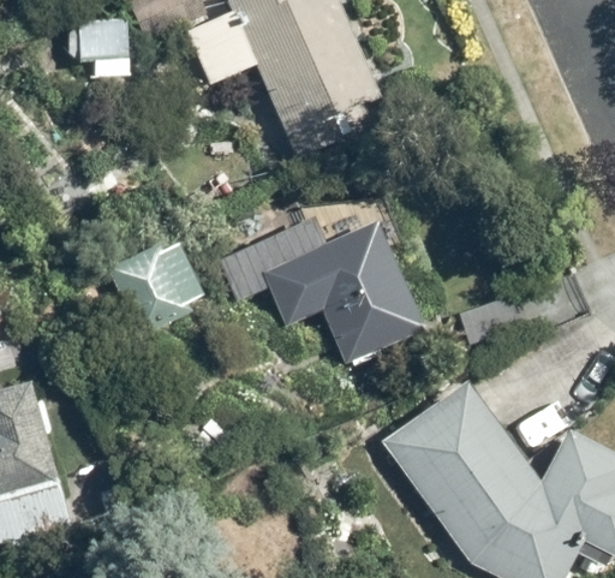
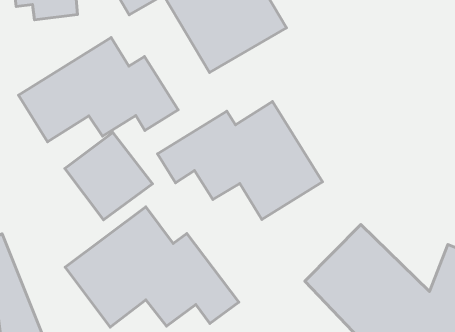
building: none -> [18,37,178,142]
building: none -> [65,207,239,327]

